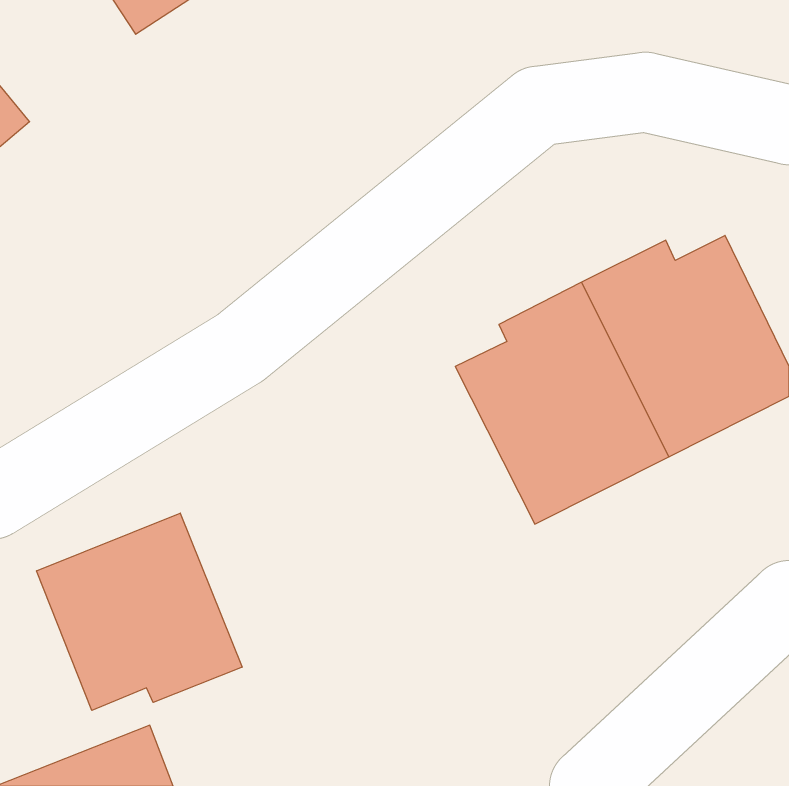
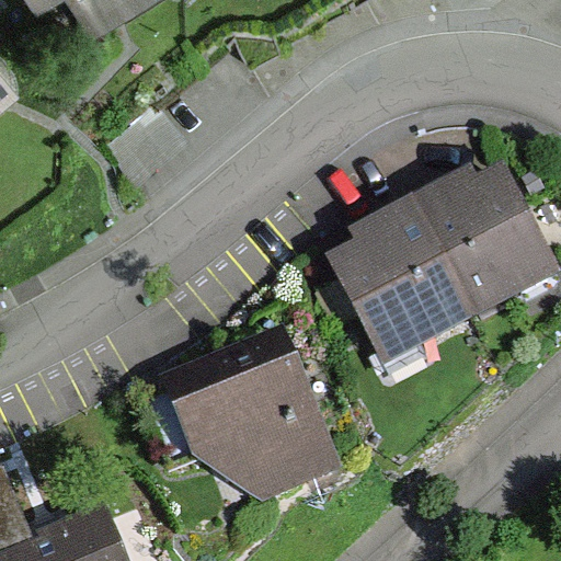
building: none -> [164,331,333,494]
building: [37,513,242,710] -> none

